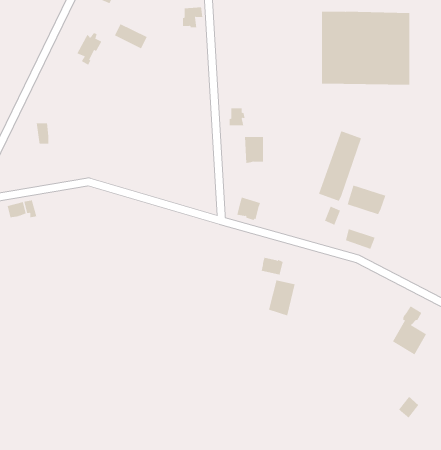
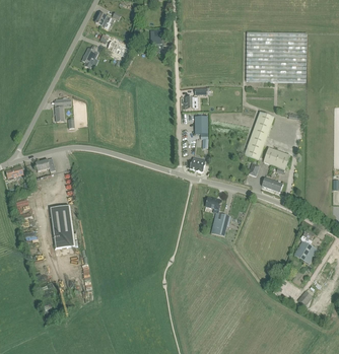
building: none -> [50,205,74,249]

